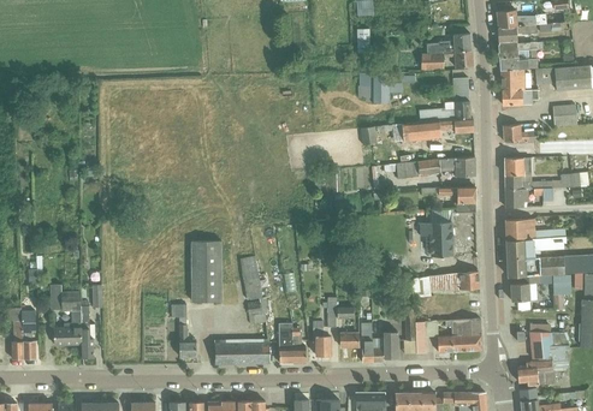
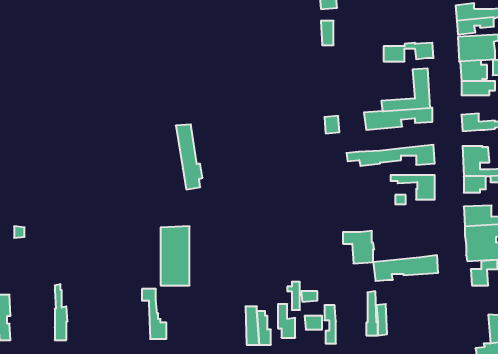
building: [425,34,472,54] -> none
building: [357,72,387,103] -> none
building: [420,222,452,256] -> [343,231,374,263]
building: [239,257,267,324] -> [176,124,203,189]
building: [49,285,82,345] -> none
building: [437,318,480,352] -> none
building: [372,332,397,362] -> none
building: [214,341,267,364] -> none

